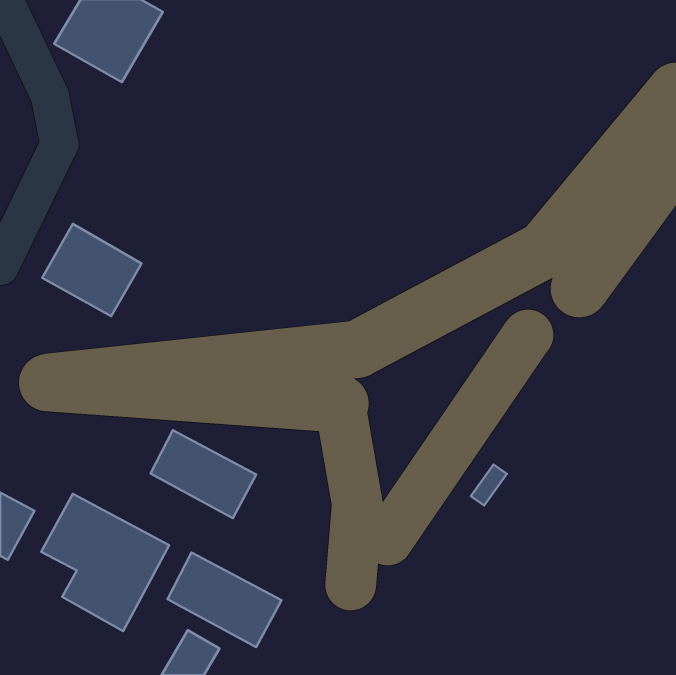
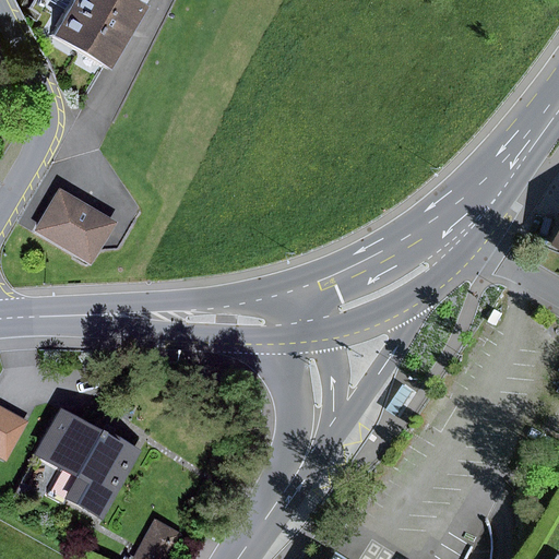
building: [150,430,256,518] -> none
building: [168,553,281,647] -> none

